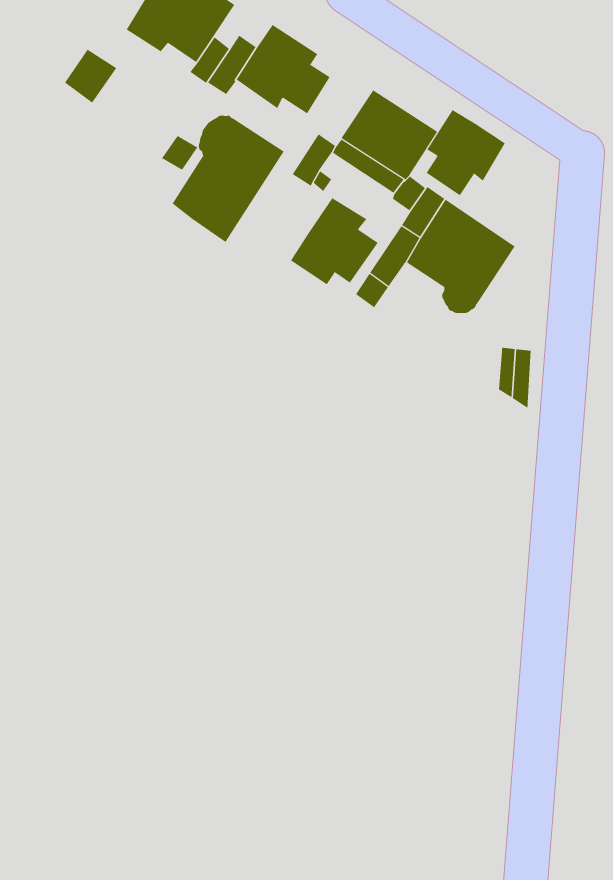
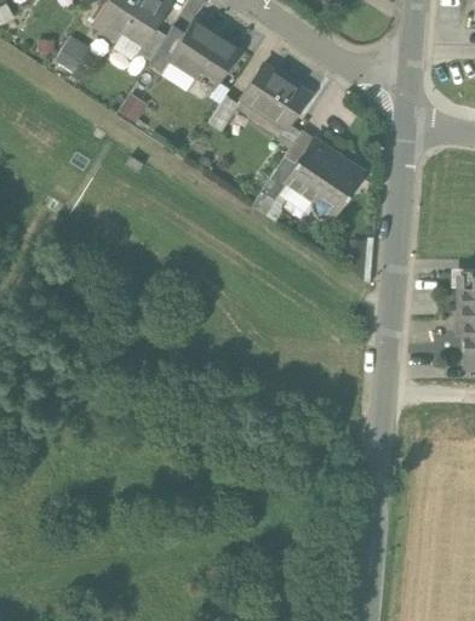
building: [426,109,506,196] -> none
building: [172,115,284,243] -> none
building: [290,196,378,285] -> none

